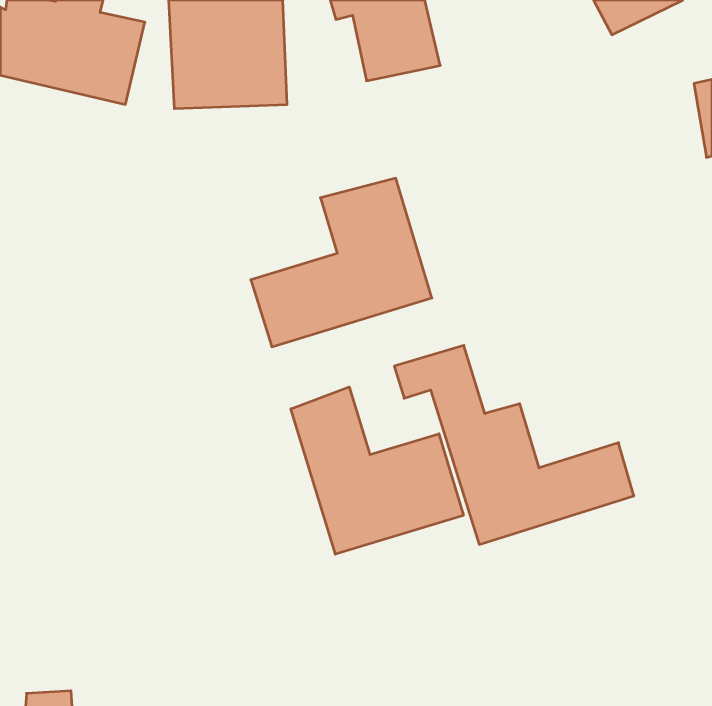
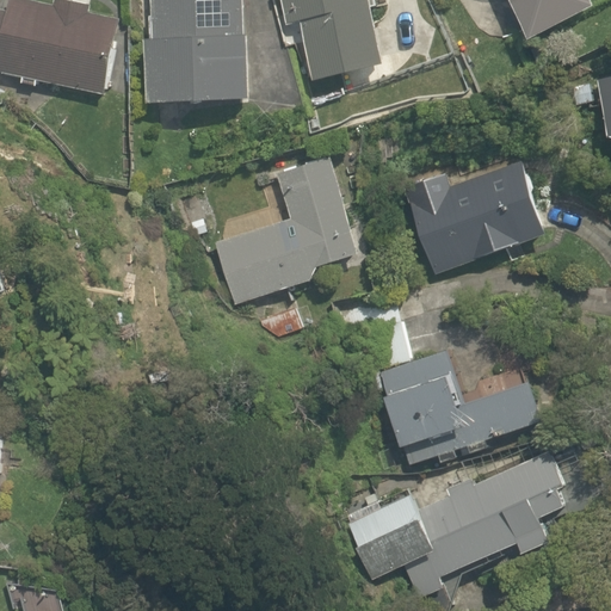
building: none -> [399,162,543,273]
building: [291,387,463,554] -> none
building: none -> [346,452,566,598]

